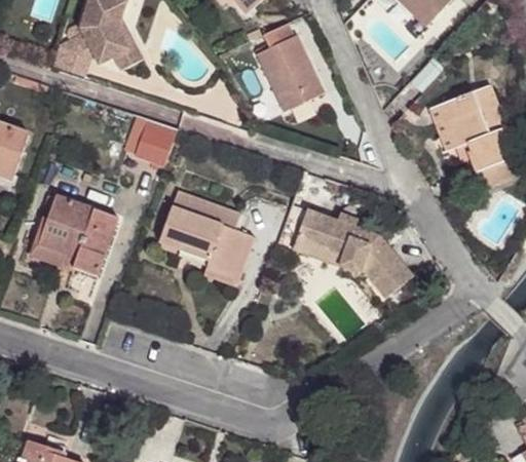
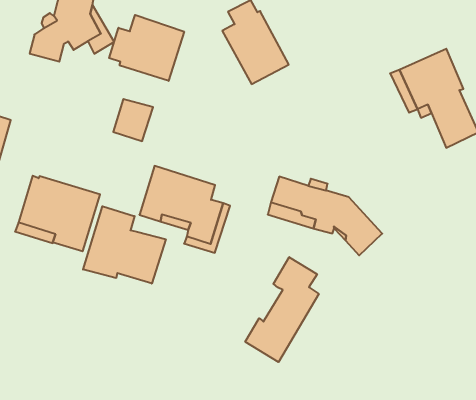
building: none -> [109,15,184,81]
building: none -> [83,206,166,284]
building: none -> [245,257,319,362]

